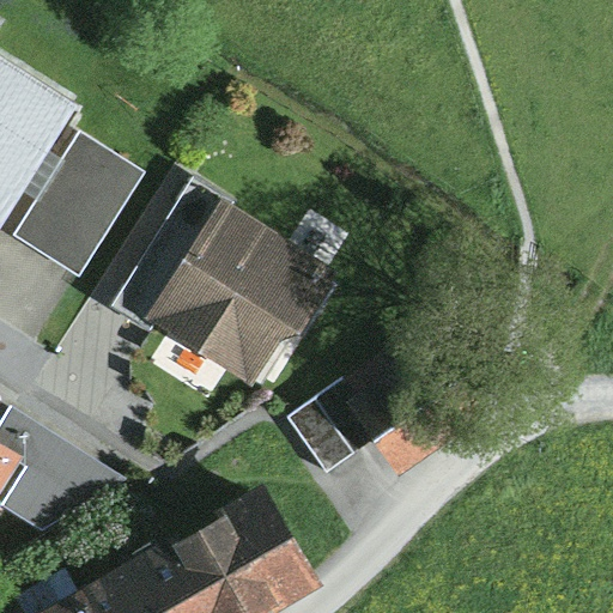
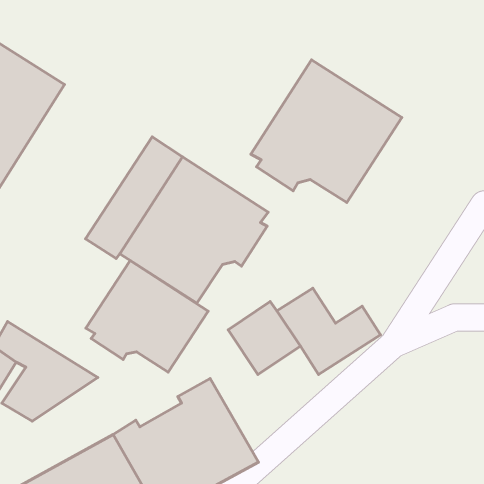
building: none -> [251,60,402,202]
building: [13,133,142,277] -> none
building: none -> [86,260,208,372]

